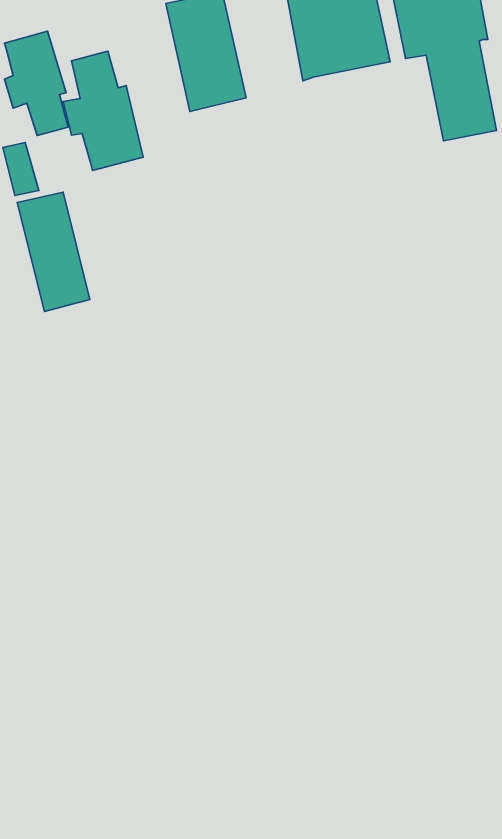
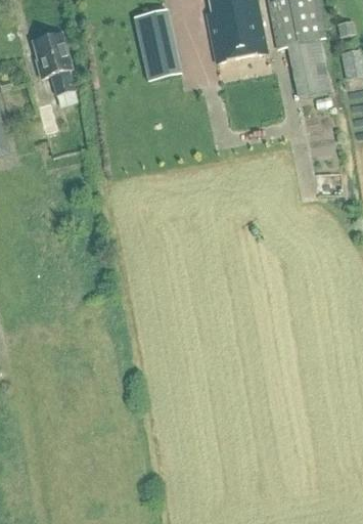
building: [63,51,143,170] -> none
building: [17,192,90,311] -> none

